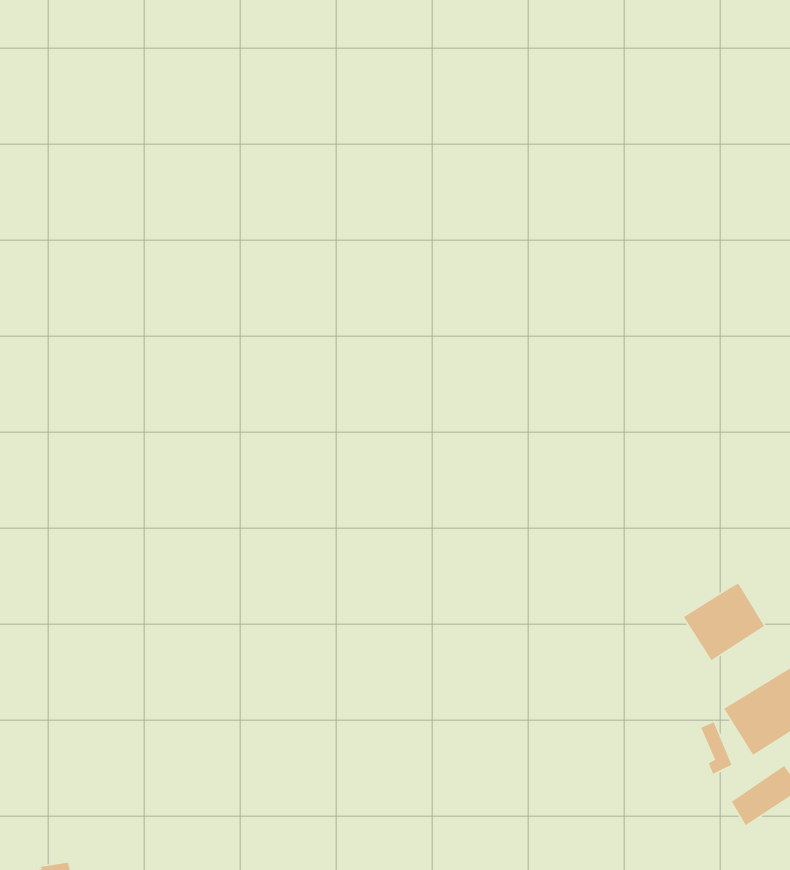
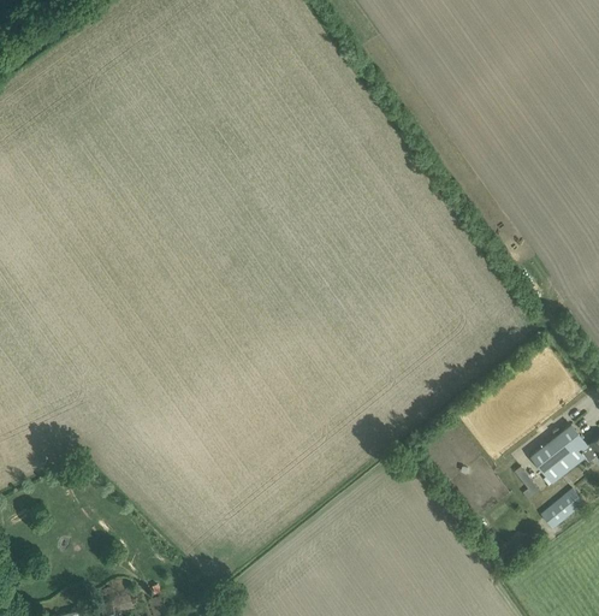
building: [683,582,765,661] -> none

